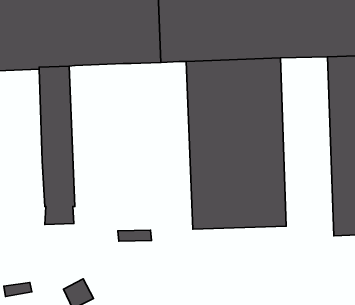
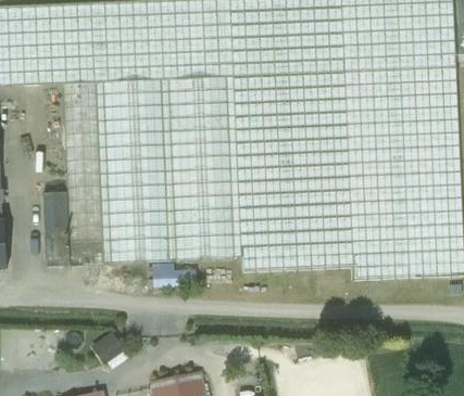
building: none -> [346,72,407,281]
building: none -> [172,77,235,264]
building: none -> [106,79,170,267]
building: none -> [45,192,73,267]

